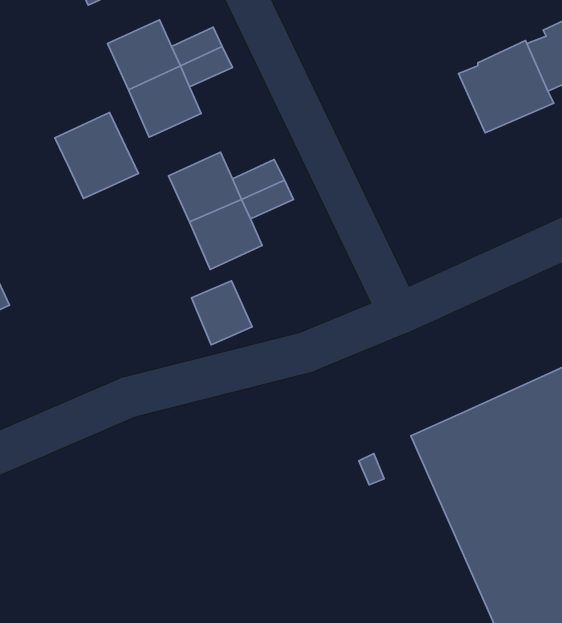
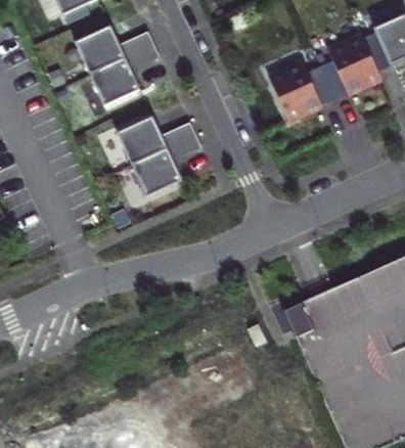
building: none -> [270,60,334,122]
building: [55,113,138,198] -> none
building: [192,281,252,345] -> none

